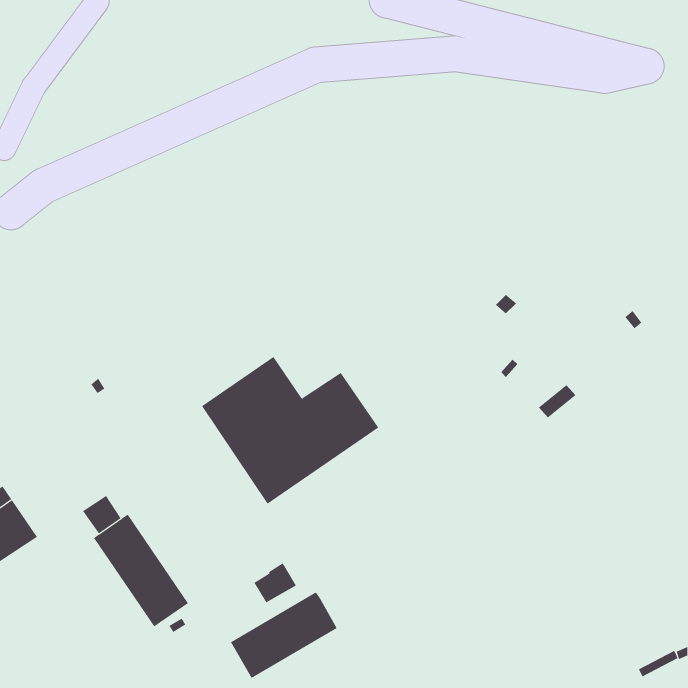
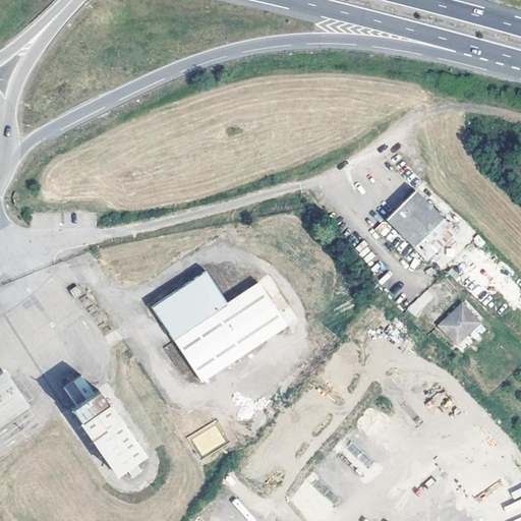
building: none -> [392,194,459,250]
building: none -> [442,306,482,347]
building: [230,591,337,679] -> none

